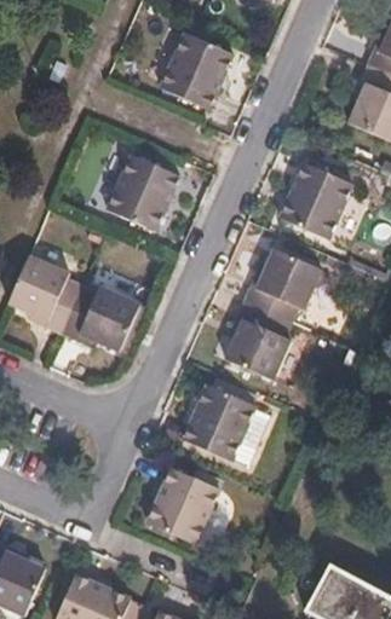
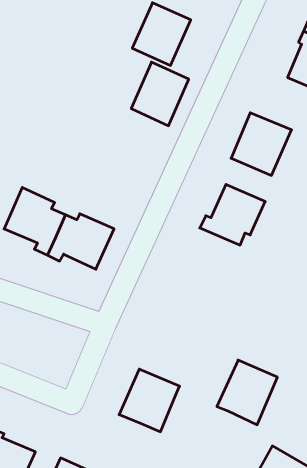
building: [109,154,178,230] -> [131,62,189,126]
building: [226,300,291,378] -> none
building: [182,384,254,462] -> [217,360,277,425]

